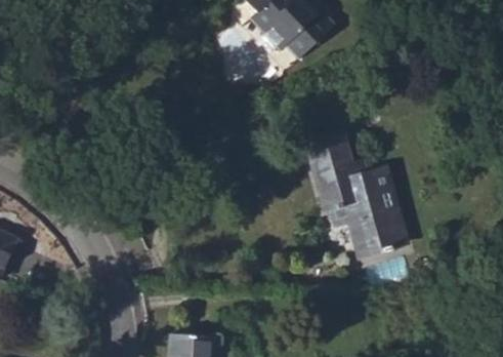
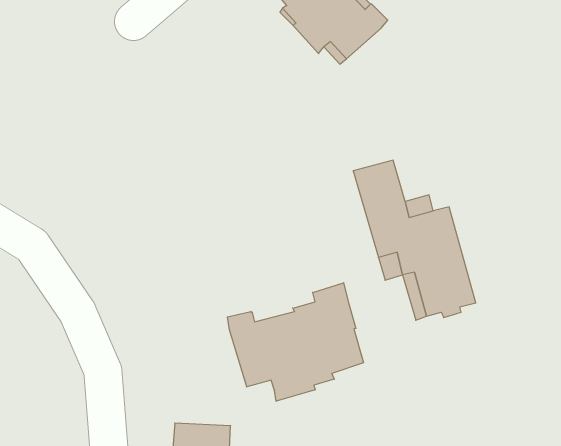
building: none -> [227,283,363,401]

